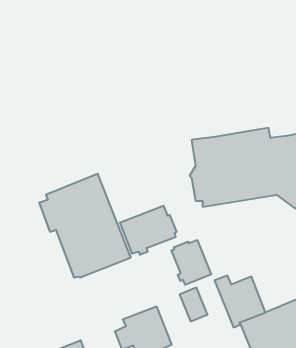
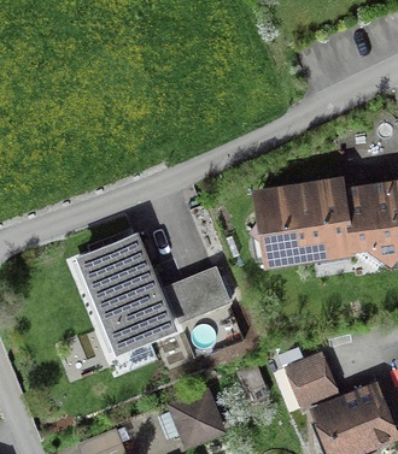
building: [171,240,211,285] -> none

